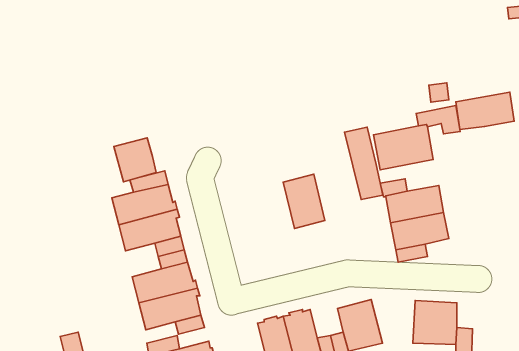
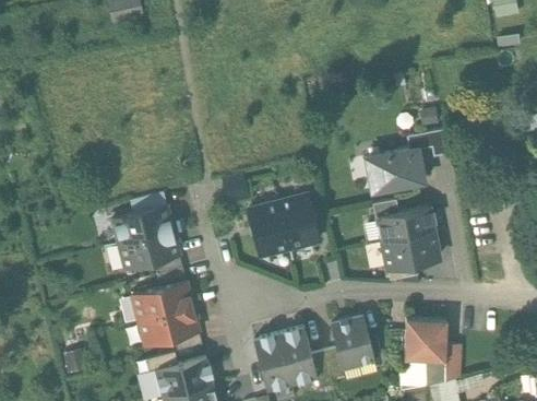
building: [456,92,514,130] -> none
building: [345,127,383,200] -> none
building: [114,138,156,182] -> none
building: none -> [248,203,289,256]

